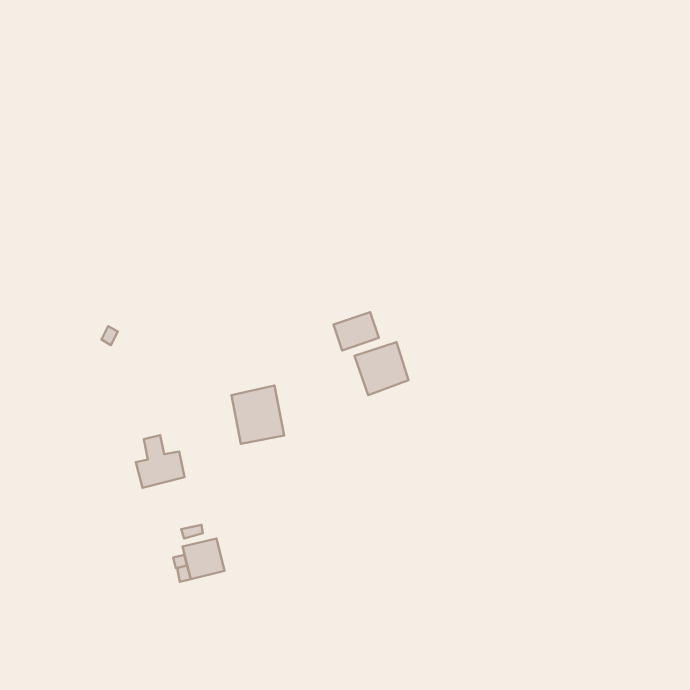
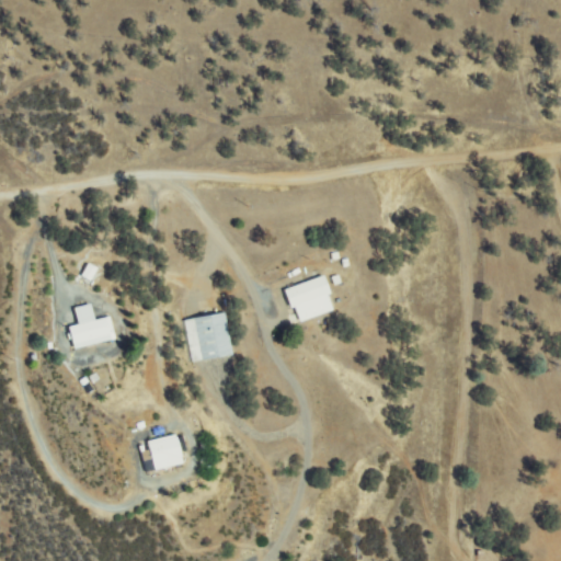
building: [333,312,379,350] -> none
building: [136,435,184,488] -> [70,305,110,347]

